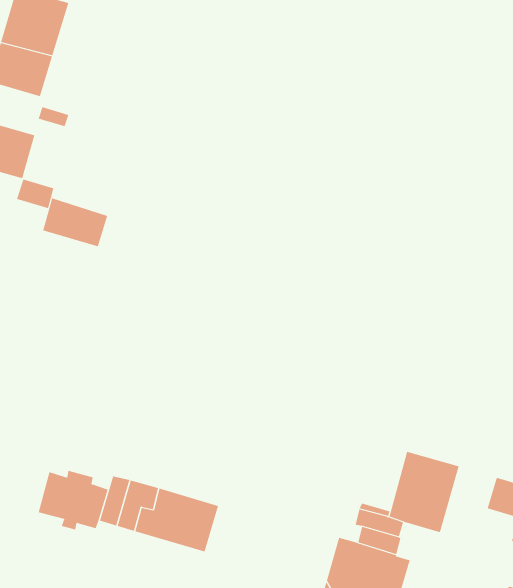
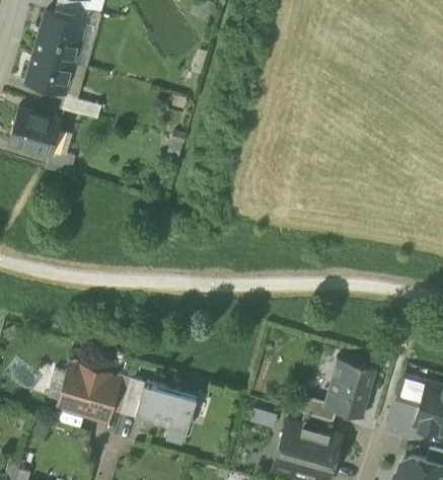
building: [43,198,108,247] -> none

